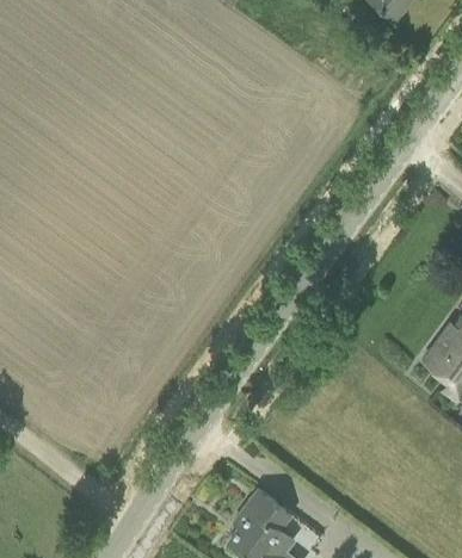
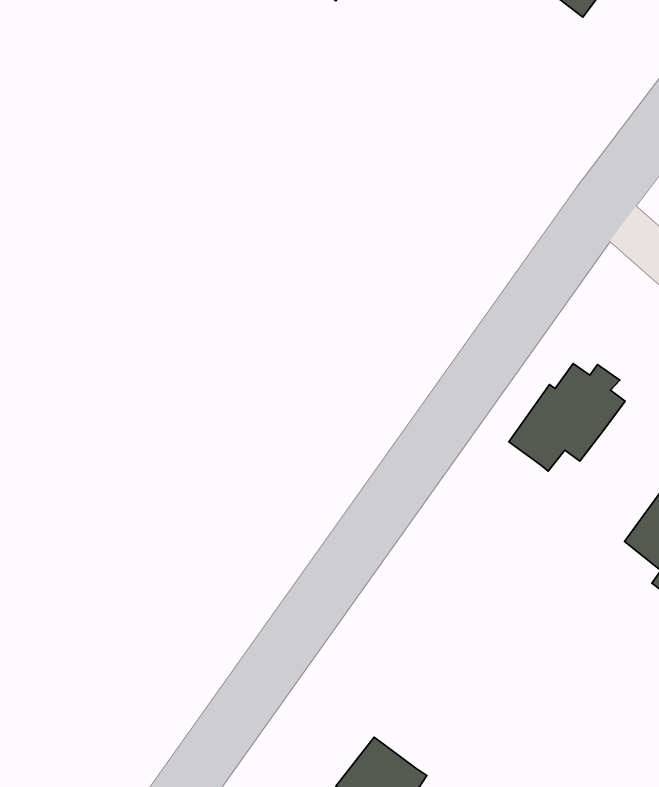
building: none -> [509,364,625,471]

